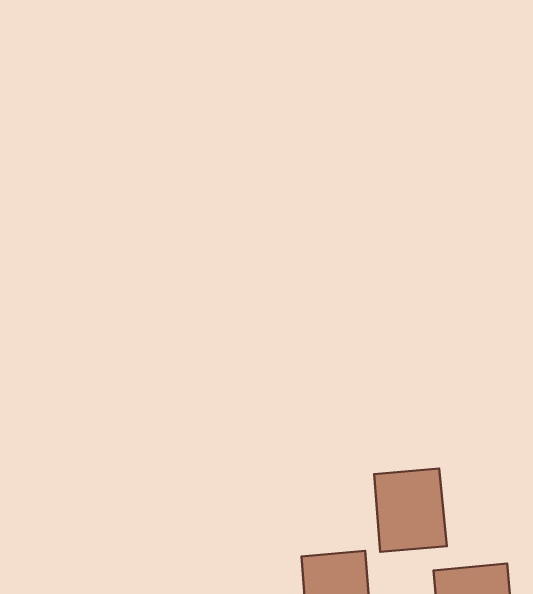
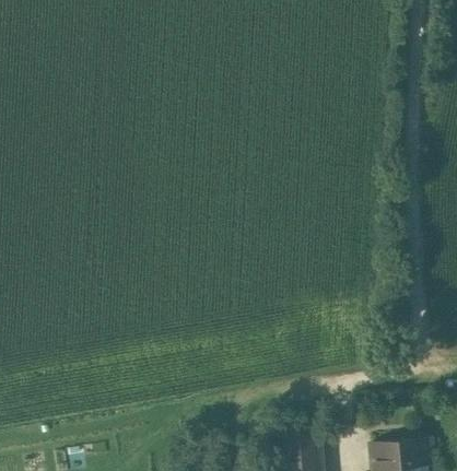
building: [374,469,447,552] -> none

